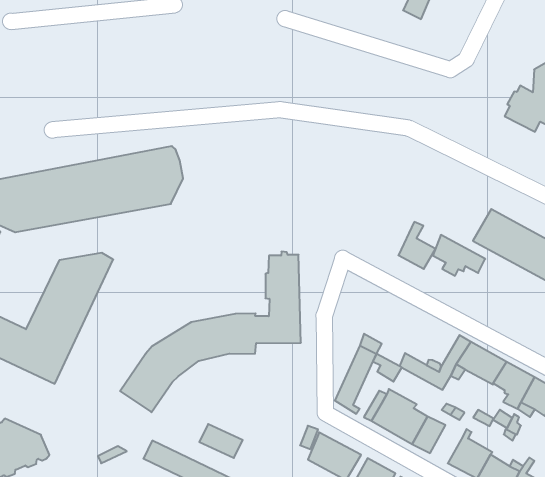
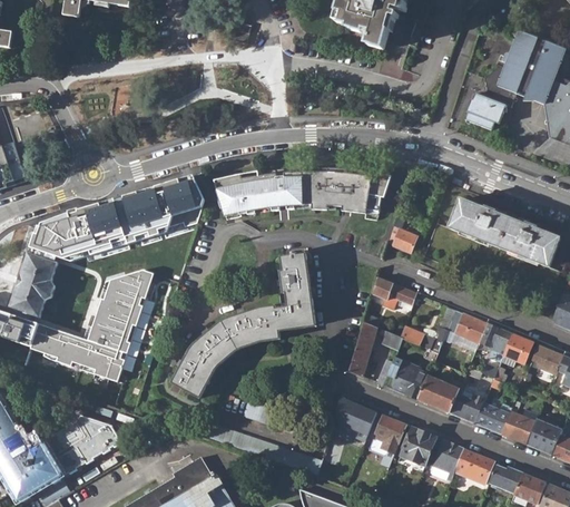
building: none -> [216,167,393,216]
building: [433,235,485,276] -> [373,276,416,309]
building: none -> [433,380,459,411]

